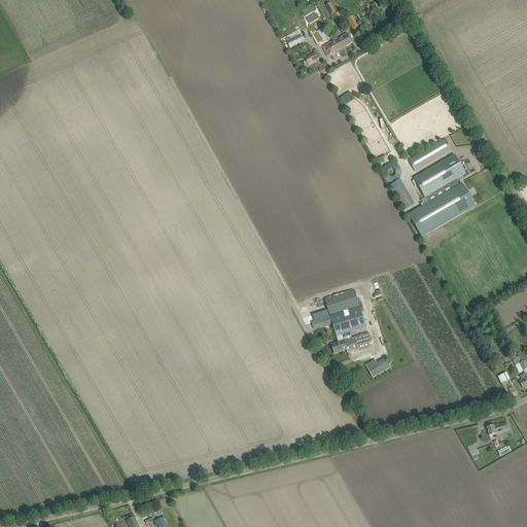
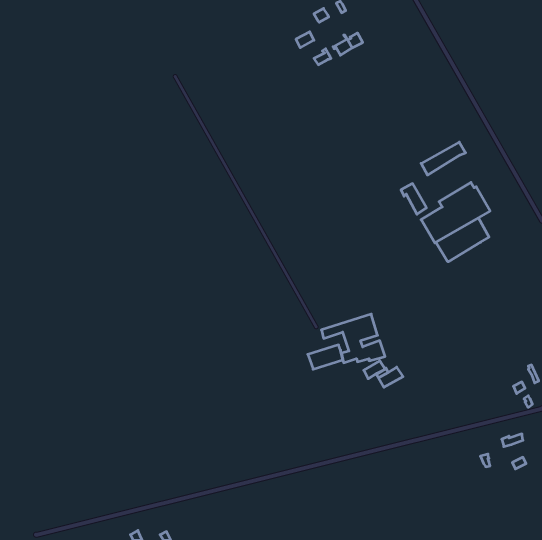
building: [414,153,465,196] -> [436,218,489,261]
building: [325,289,359,313] -> [308,345,343,369]

